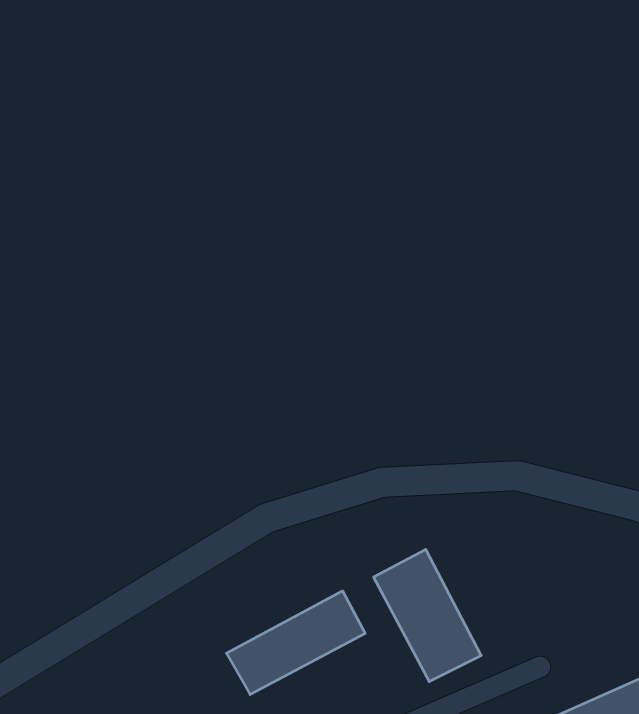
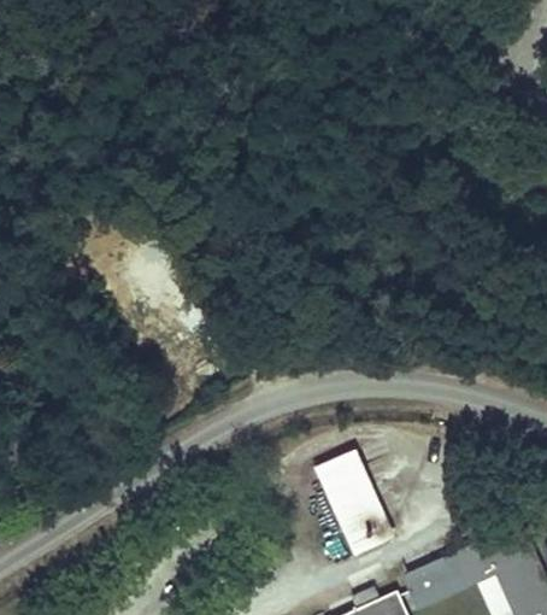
building: [226,591,365,695] -> none

